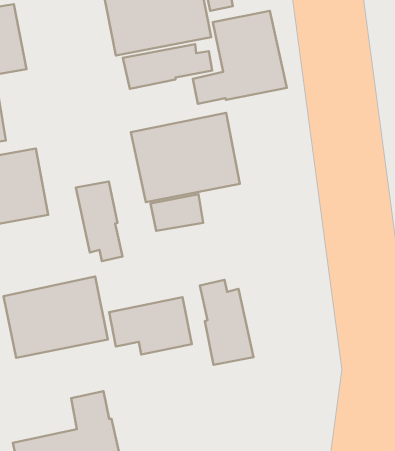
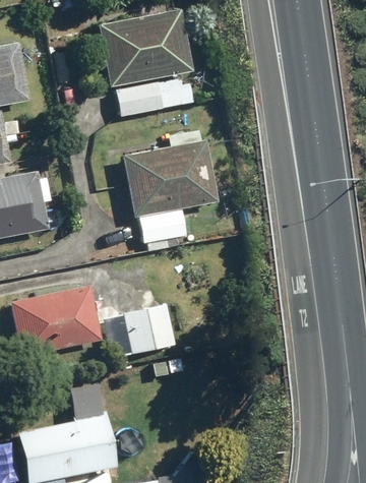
building: [193,11,287,104] -> none
building: [76,181,122,261] -> none
building: [200,280,253,365] -> none

